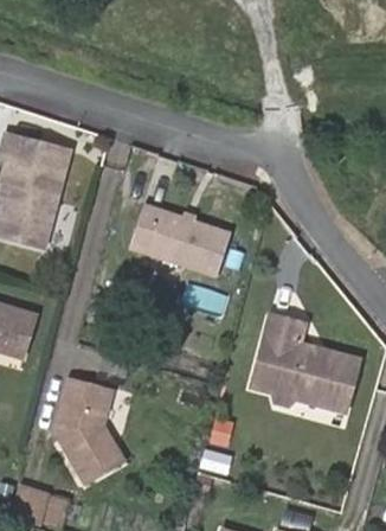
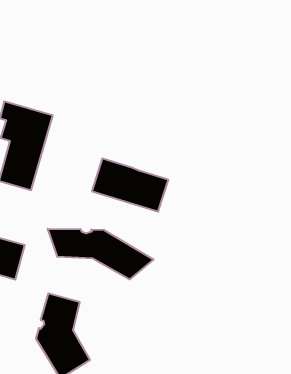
building: none -> [48,229,154,279]
building: [246,311,350,409] -> none

